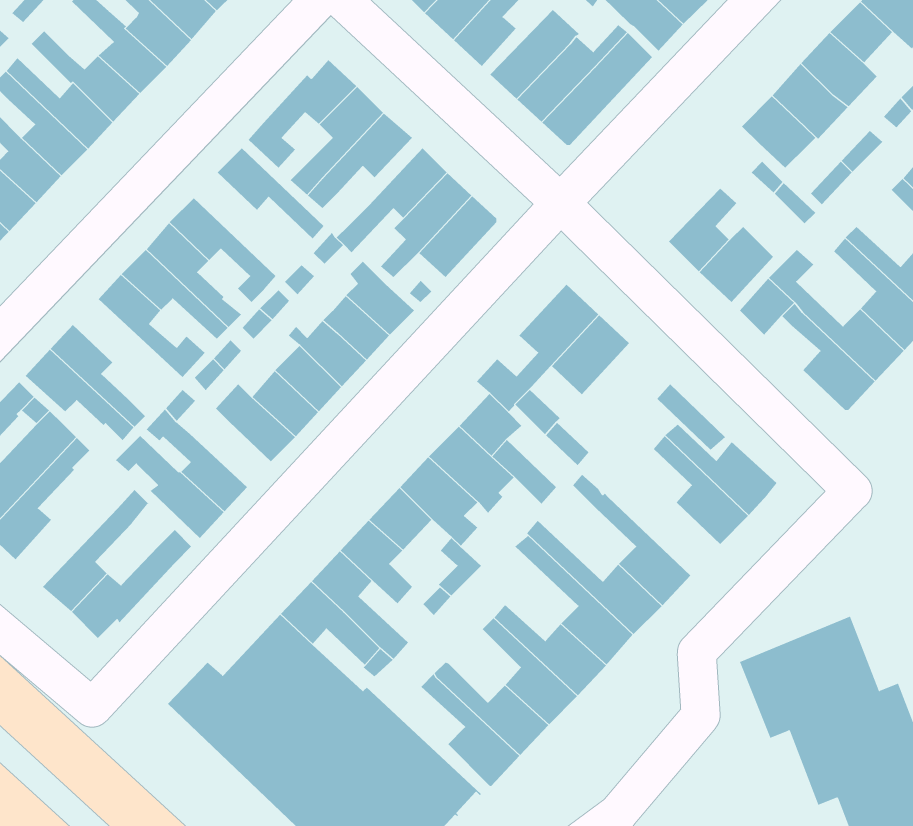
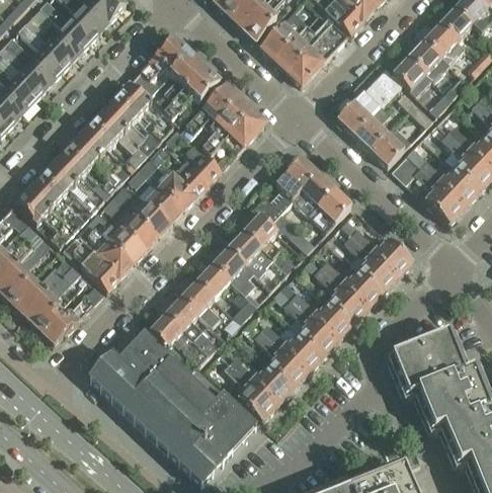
building: none -> [336,67,401,134]
building: none -> [103,97,160,152]
building: none -> [39,164,97,213]
building: none -> [308,187,350,231]
building: none -> [101,222,144,263]
building: none -> [9,257,72,316]
building: none -> [320,259,381,310]

